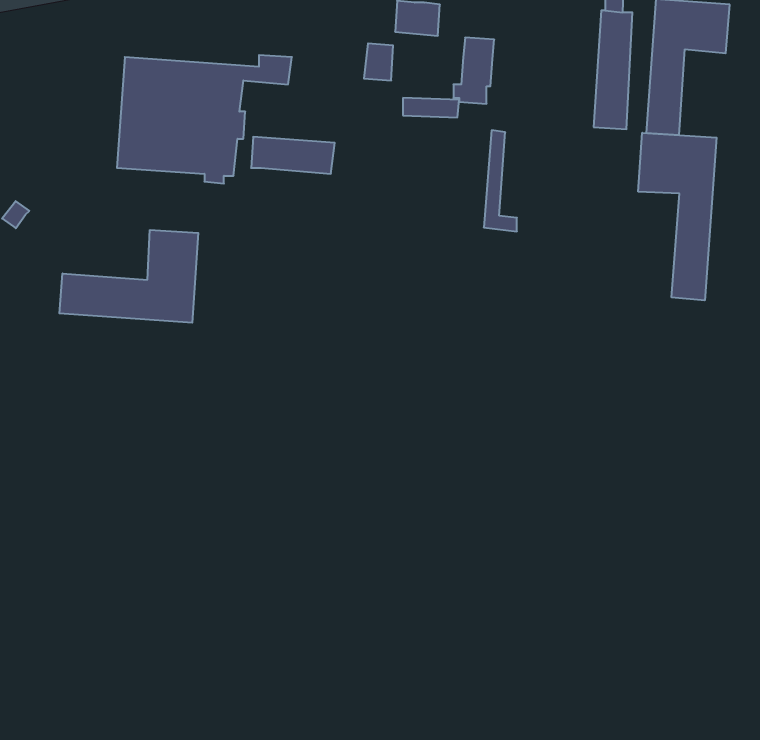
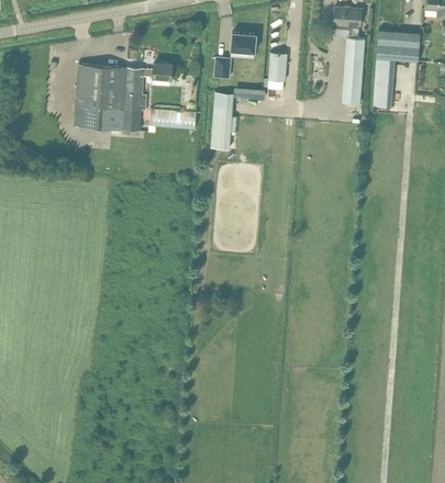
building: [484,130,517,231] -> [211,93,230,150]
building: [638,133,717,300] -> none
building: [59,230,198,323] -> none

